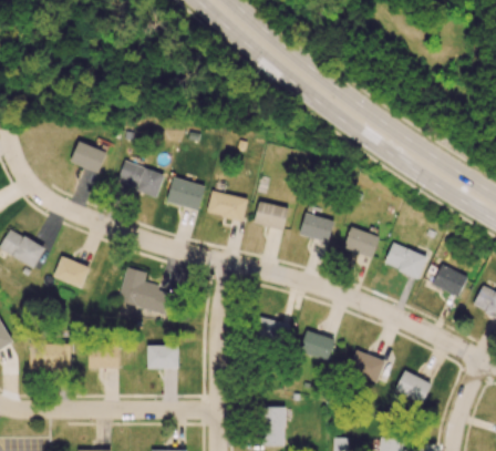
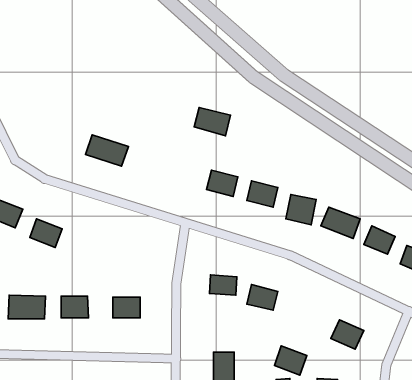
building: [70,141,107,173] -> none
building: [166,177,205,209] -> none
building: [207,189,248,222] -> [194,107,230,136]
building: [118,267,173,312] -> none
building: [348,349,384,382] -> [274,346,307,375]

